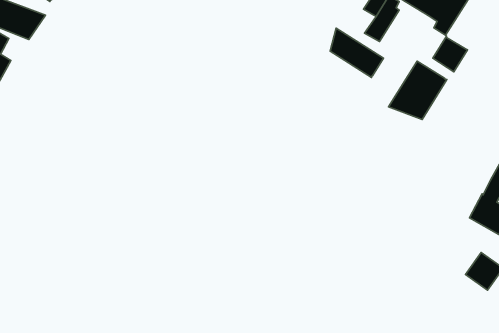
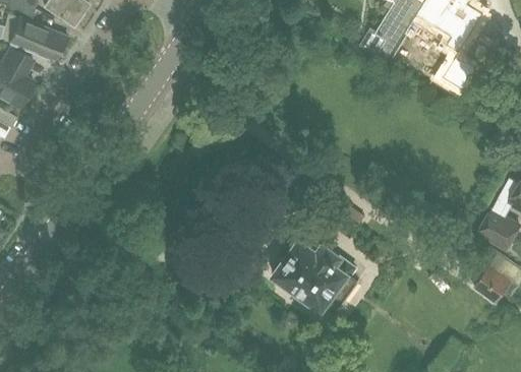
building: [330,28,383,77] -> none
building: [388,61,447,119] -> none
building: none -> [275,239,357,306]

